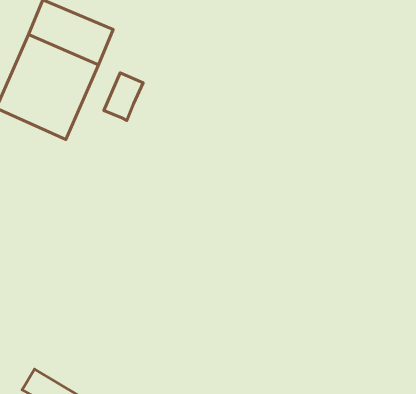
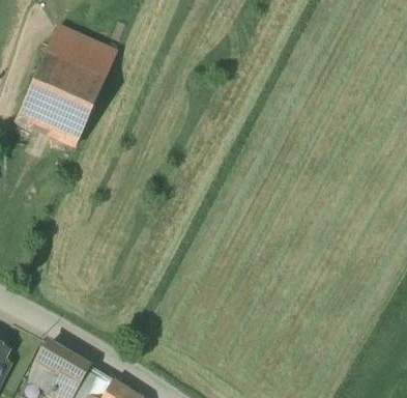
building: [104,73,143,120] -> none

